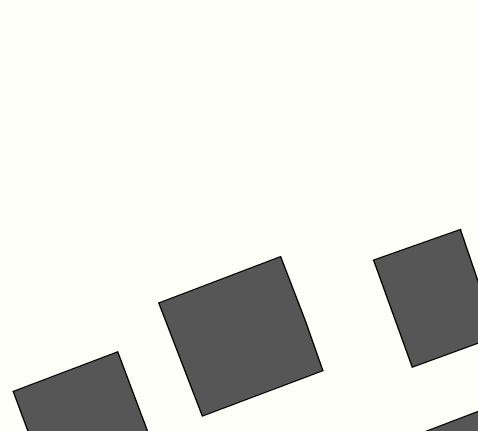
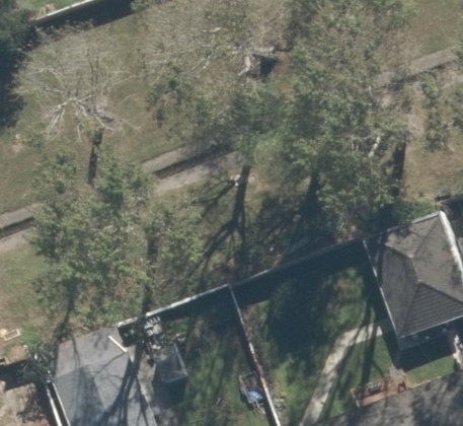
building: [159,257,323,416] -> none

